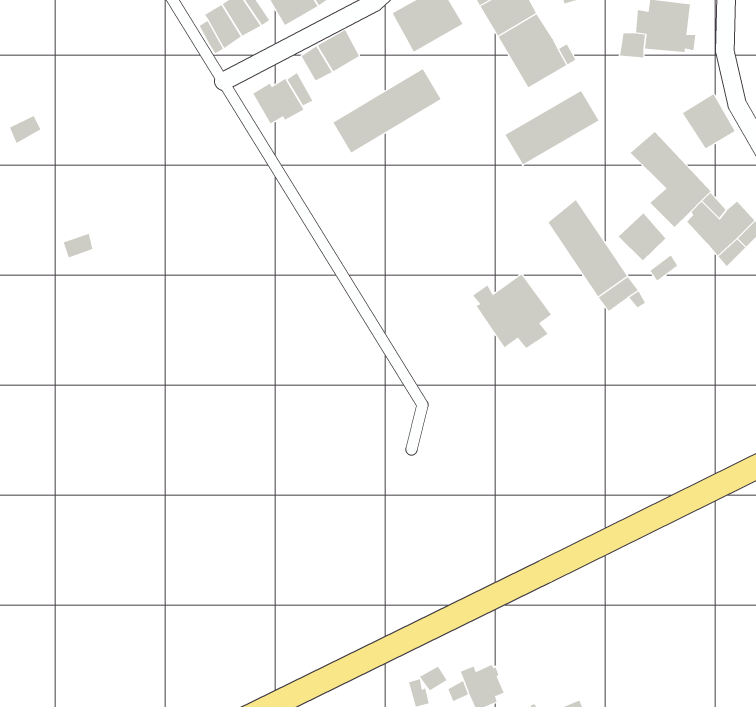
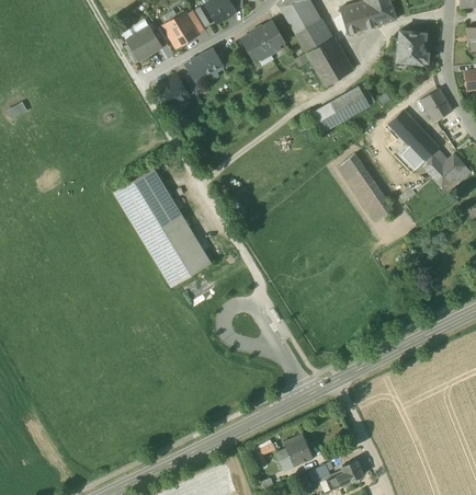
building: [333,68,441,154] -> none
building: [618,213,666,261] -> none
building: none -> [115,169,209,285]
building: [472,273,552,349] -> none

